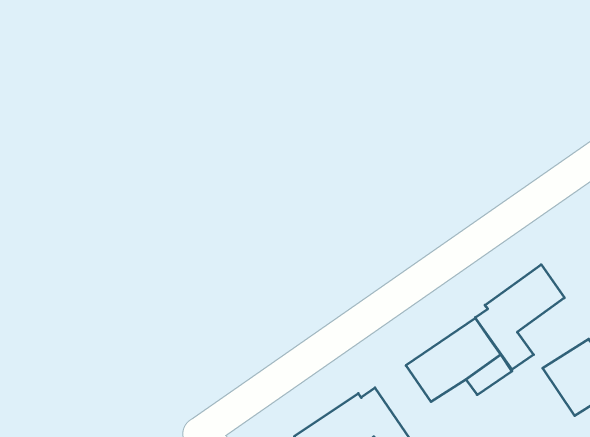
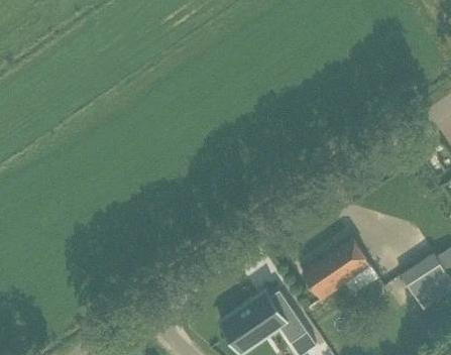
building: [475,265,564,369] -> none

